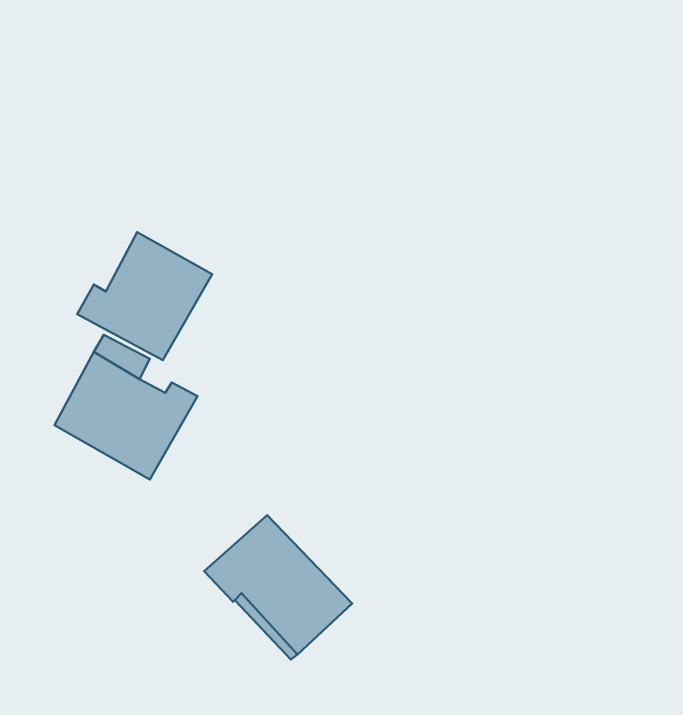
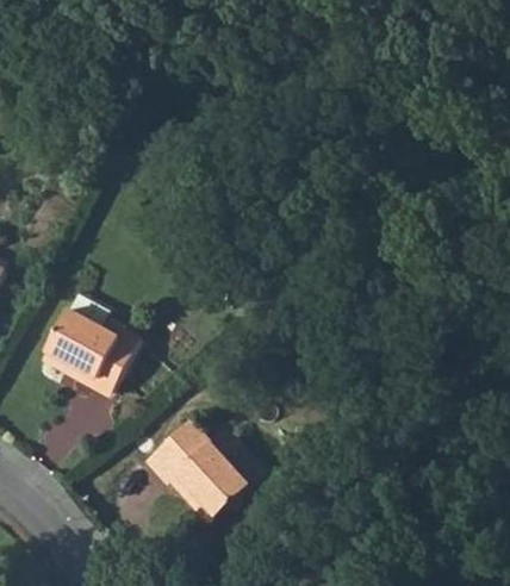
building: [77,232,212,360] -> none

